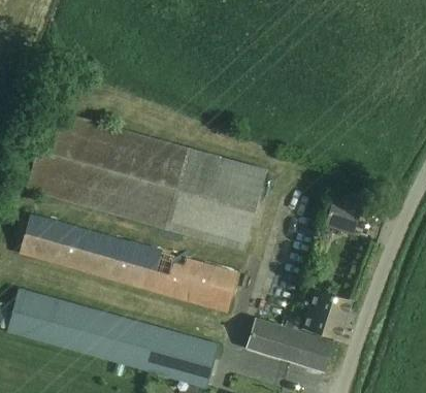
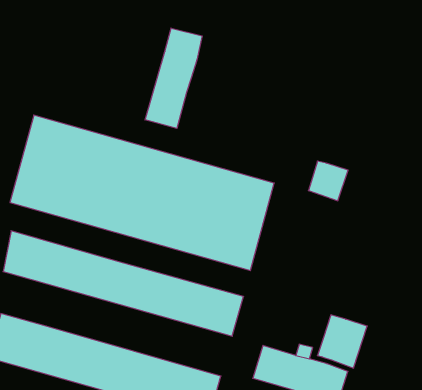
building: none -> [145,28,202,128]
building: [325,196,361,232] -> [308,161,348,201]

